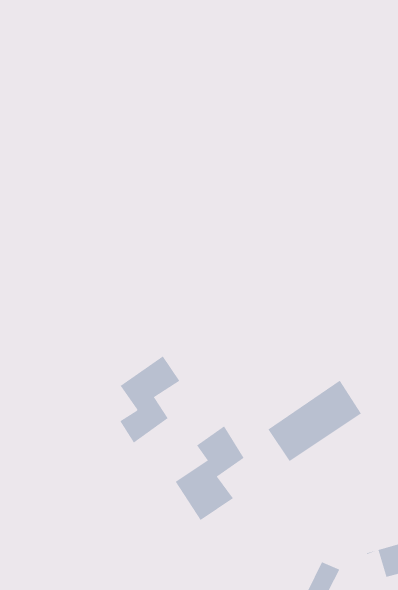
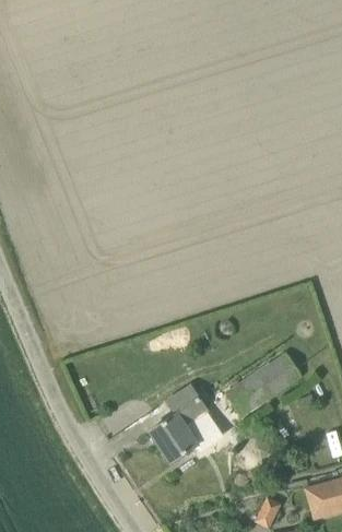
building: [120,356,180,443] -> none

